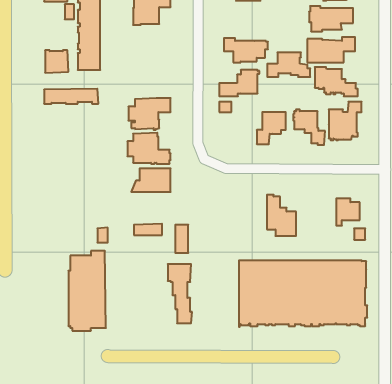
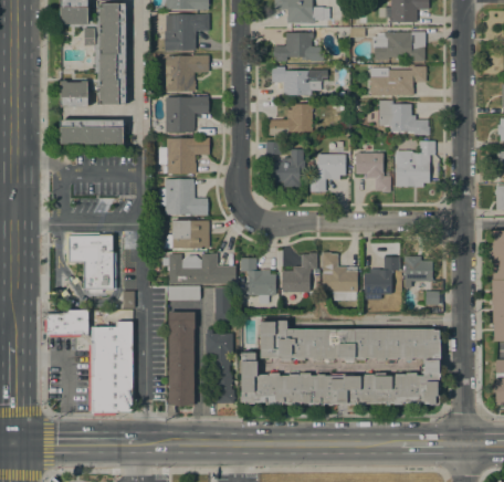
building: none -> [166,54,209,91]
building: [267,52,310,77] -> [273,32,324,61]
building: none -> [165,96,208,132]
building: none -> [272,148,305,185]
building: none -> [69,234,113,289]
building: none -> [169,253,235,283]
building: none -> [282,253,317,292]
building: none -> [364,256,399,298]
building: none -> [241,258,275,303]
building: none -> [45,311,90,337]
building: none -> [169,312,195,405]
building: none -> [241,321,290,407]

